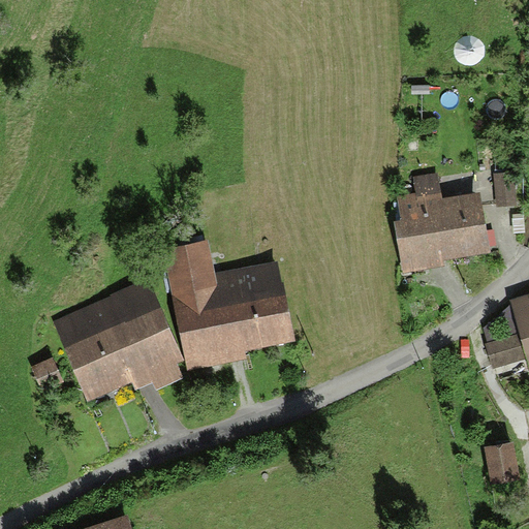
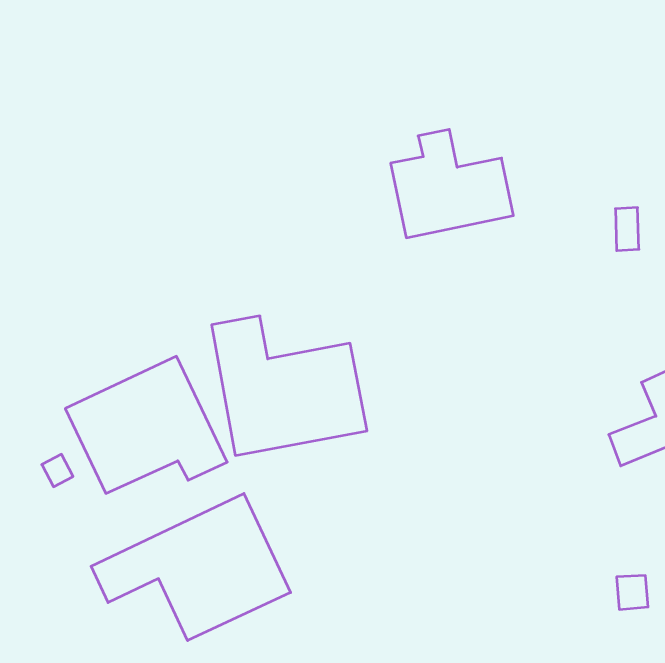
building: [392,180,489,266] -> [391,129,513,238]
building: none -> [91,493,291,641]

